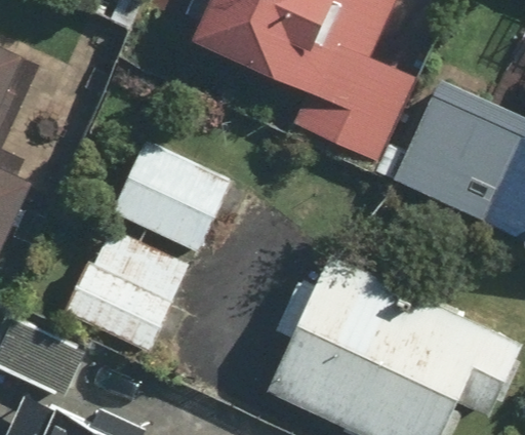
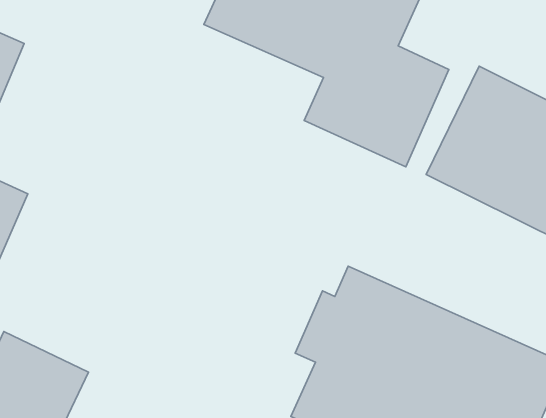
building: [114,143,228,250] -> none
building: [67,228,189,352] -> none

